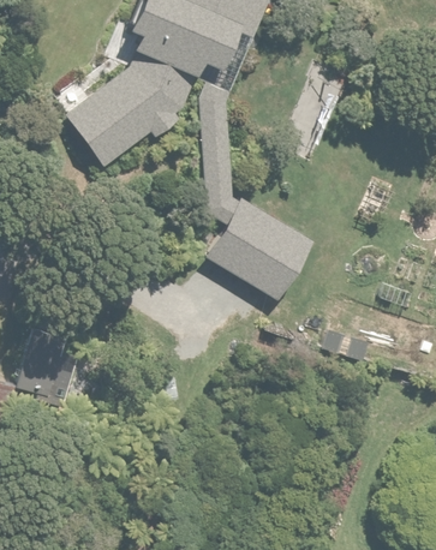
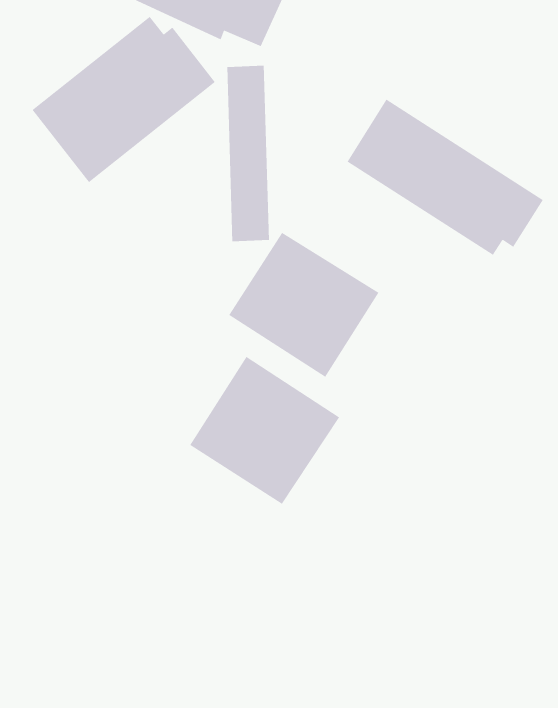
building: none -> [346,99,544,256]
building: none -> [189,356,340,505]

